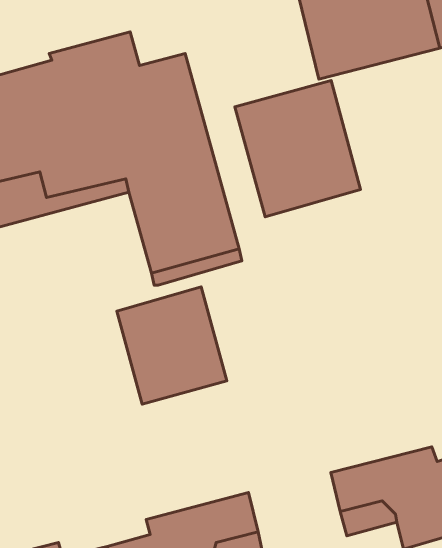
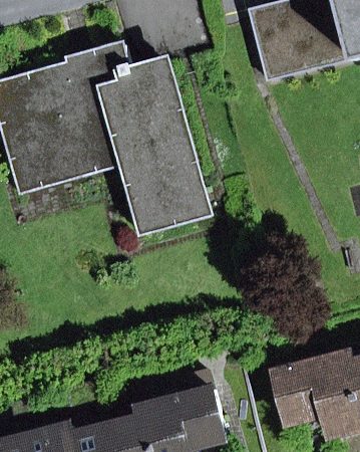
building: [235,81,361,217] -> none
building: [117,287,227,404] -> none

